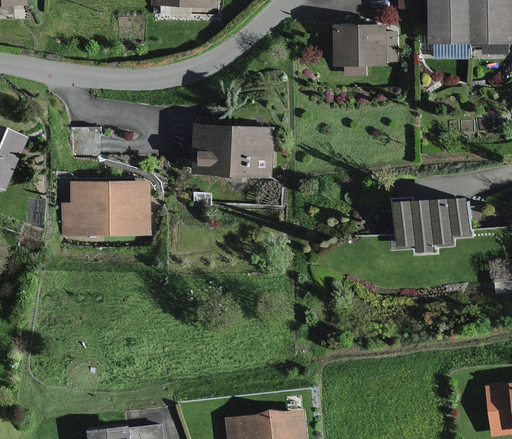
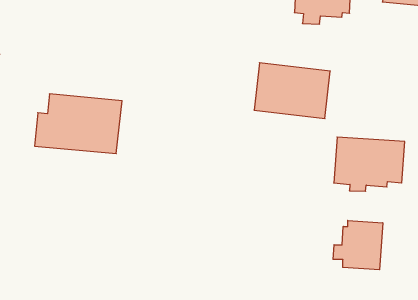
building: [194,122,274,177] -> [254,63,330,119]
building: none -> [333,220,383,270]

